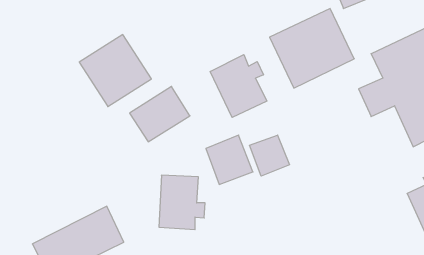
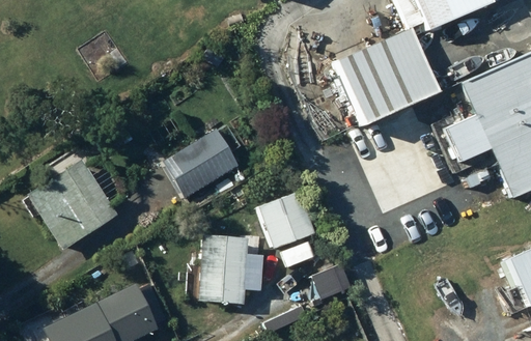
building: [79,35,151,107] -> [28,160,117,249]
building: [210,55,267,117] -> none
building: [249,135,290,176] -> none

